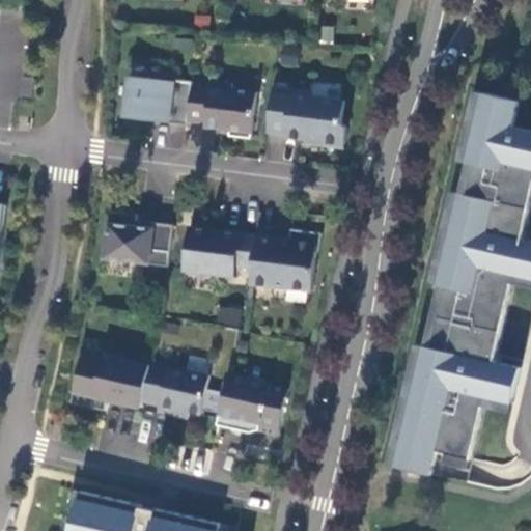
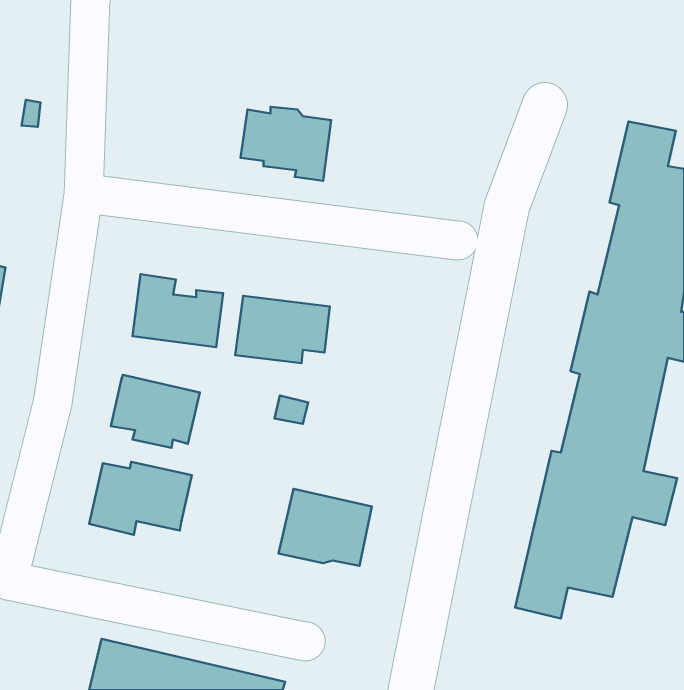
building: [121,76,190,124] -> none
building: [264,87,344,147] -> none
building: [247,229,318,291] -> none
building: [139,362,207,418] -> [111,375,200,448]

